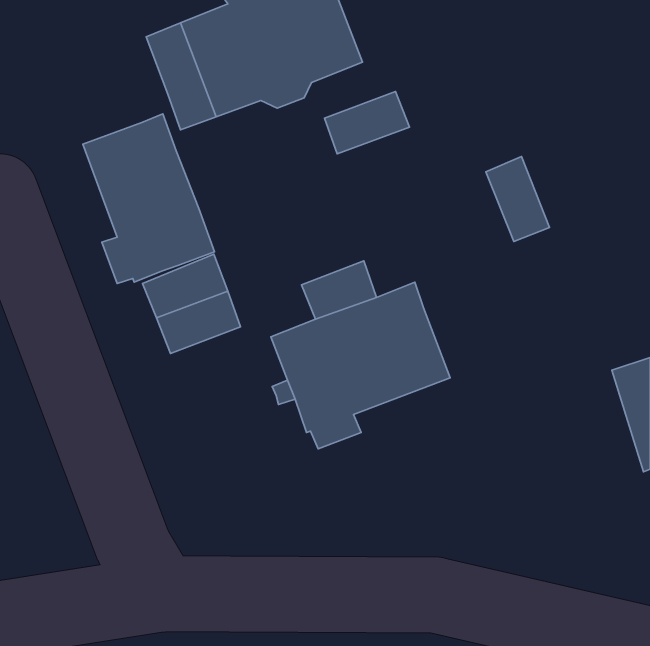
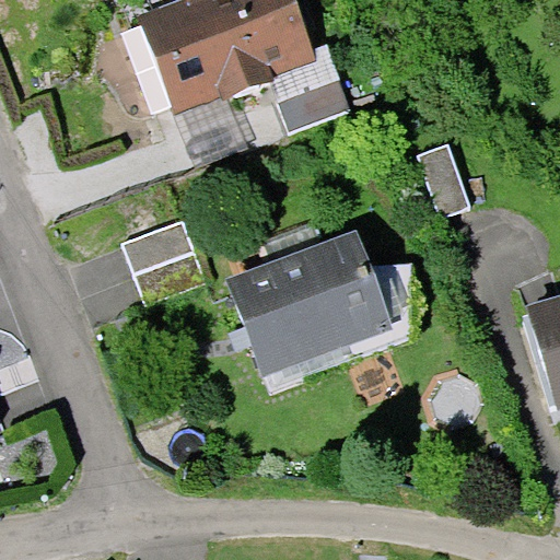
building: [83,114,214,284] -> none

